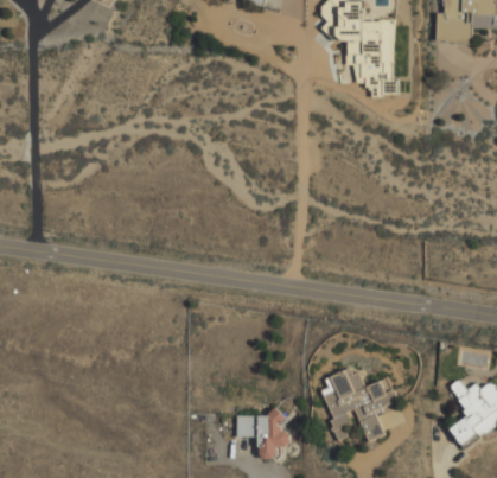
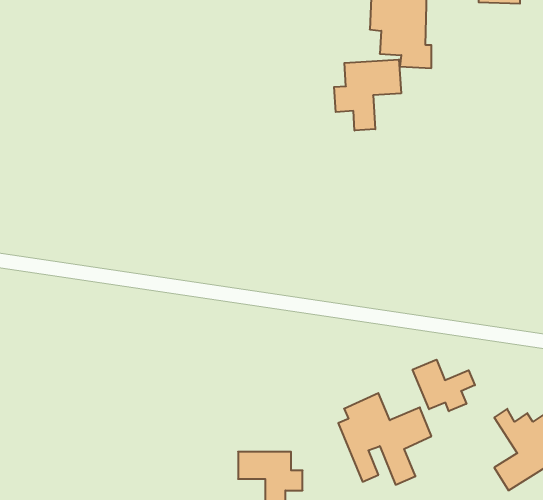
building: none -> [334,59,401,131]
building: none -> [413,360,475,411]

